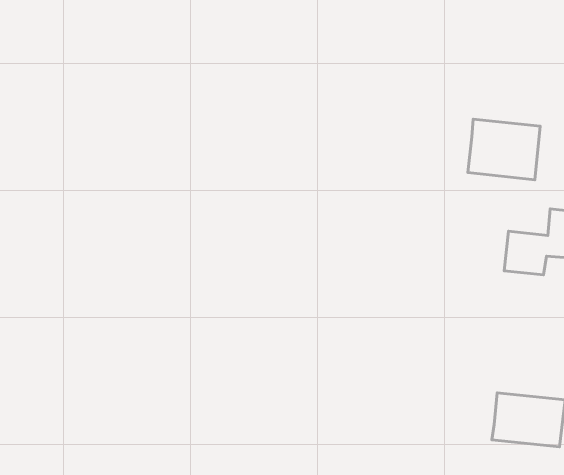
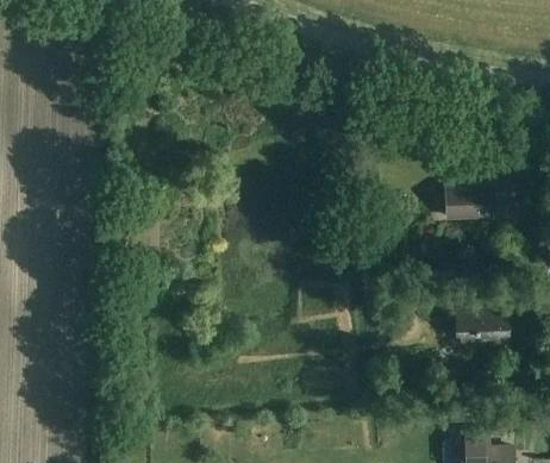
building: [468,119,540,180] -> none

